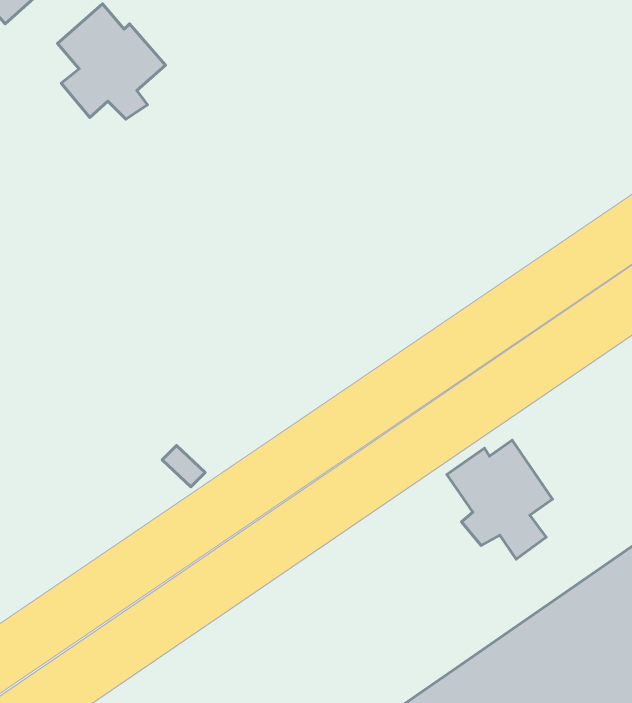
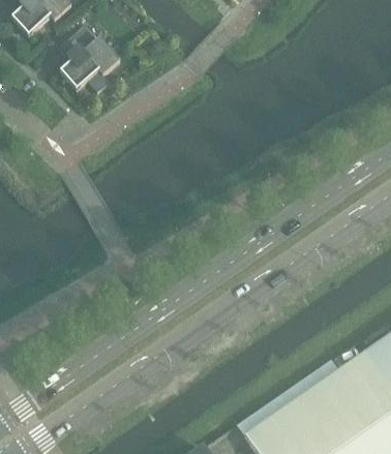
building: [447,440,553,559] -> none

